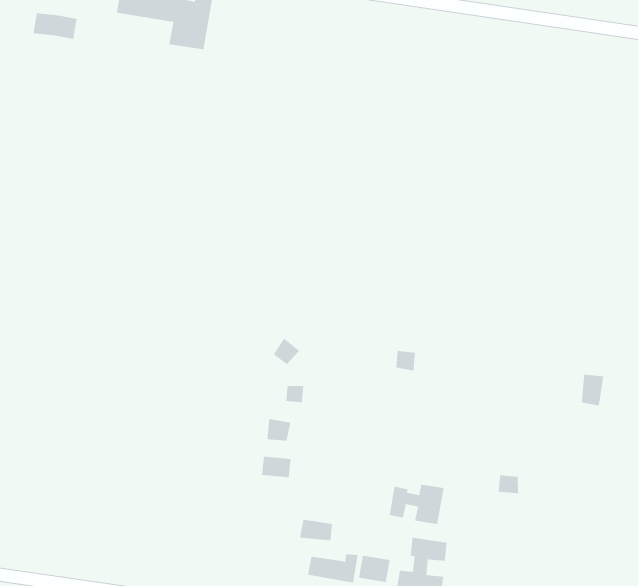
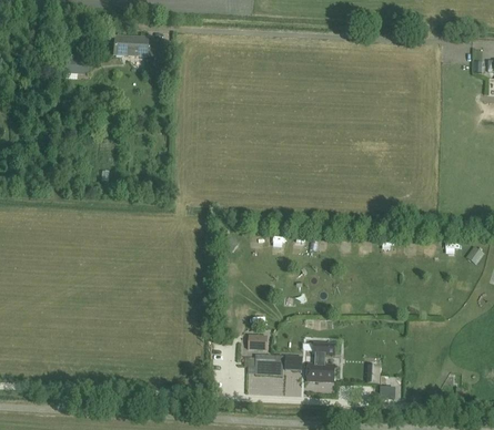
building: [389,484,444,525] -> none

